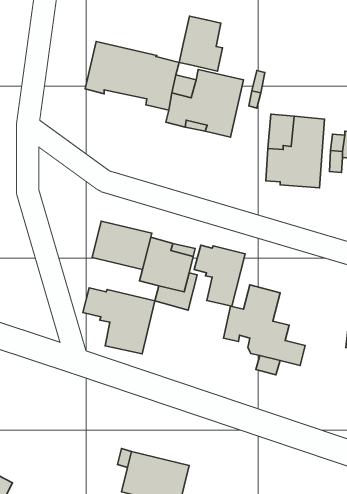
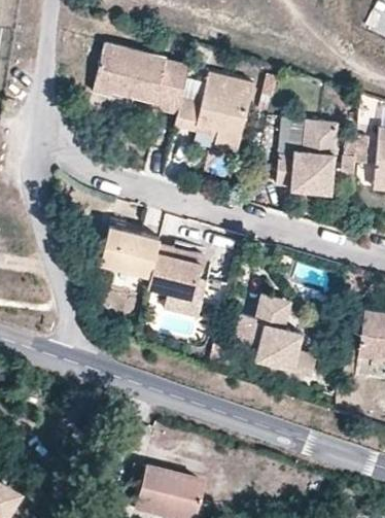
building: [179,16,222,71] -> none
building: [194,245,245,306] -> none
building: [83,288,155,354] -> none

